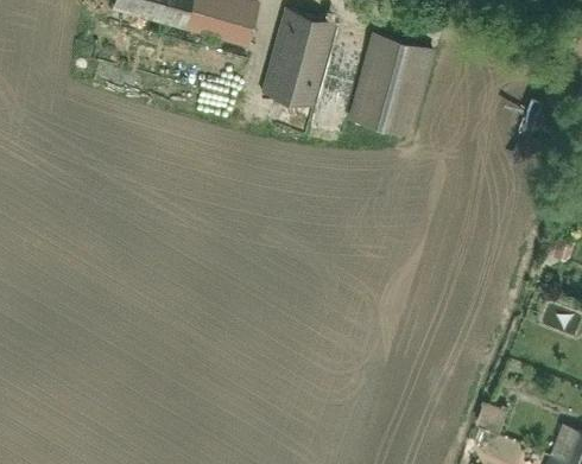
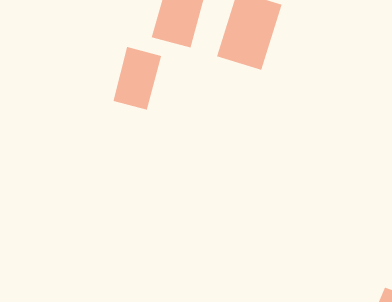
building: none -> [113,46,162,110]

